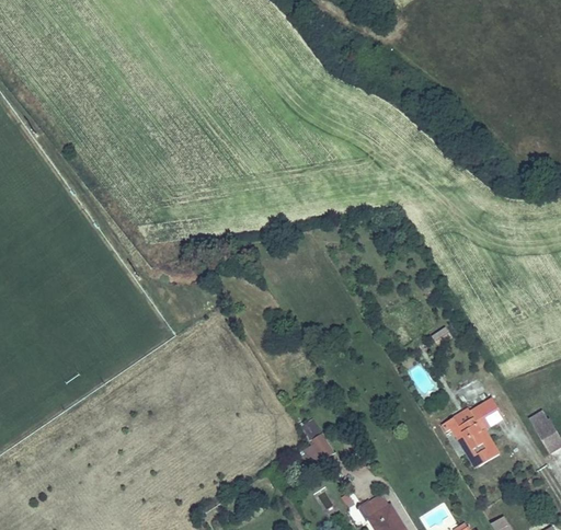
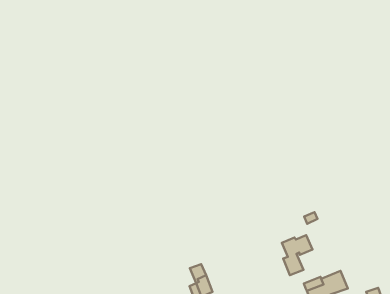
building: none -> [282,235,313,275]

